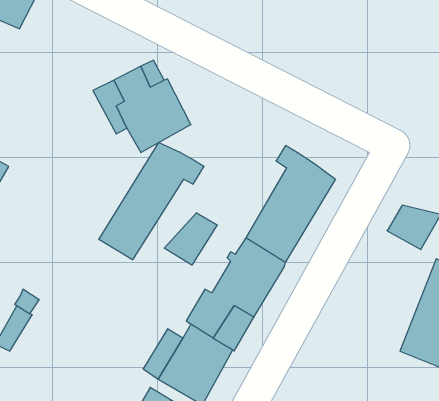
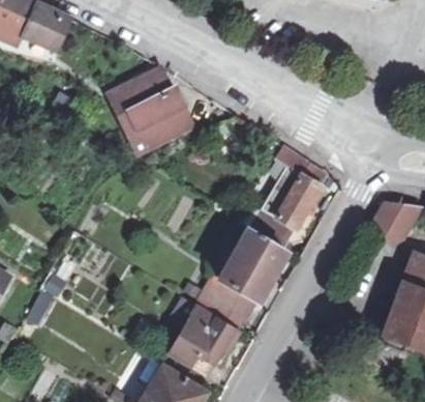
building: [99,143,204,260] -> none
building: [164,213,217,265] -> none

